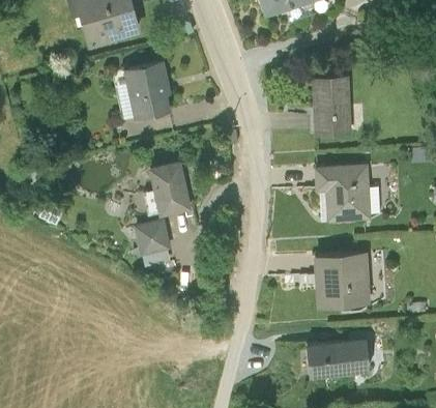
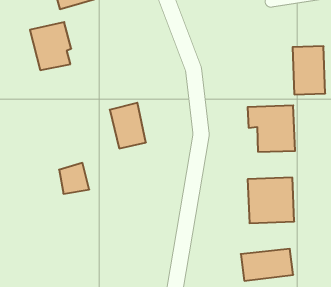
building: [122,62,172,120] -> [30,22,71,70]
building: [313,80,352,138] -> [293,46,325,94]
building: [135,221,171,258] -> [59,163,89,194]

